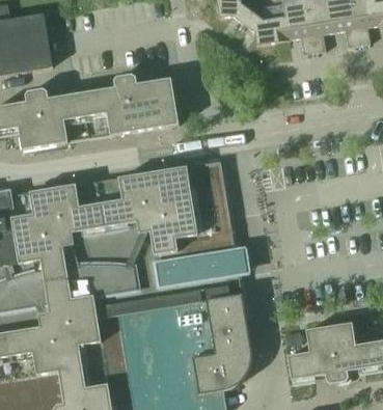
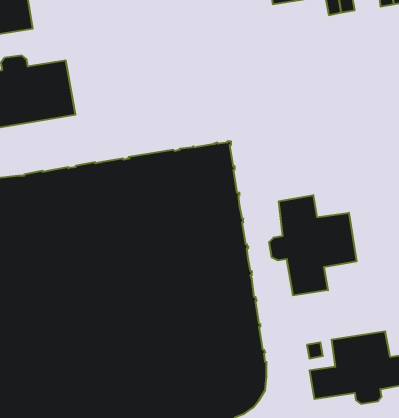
building: [80,74,179,138] -> none
building: none -> [269,195,357,295]

